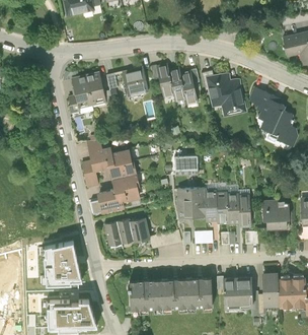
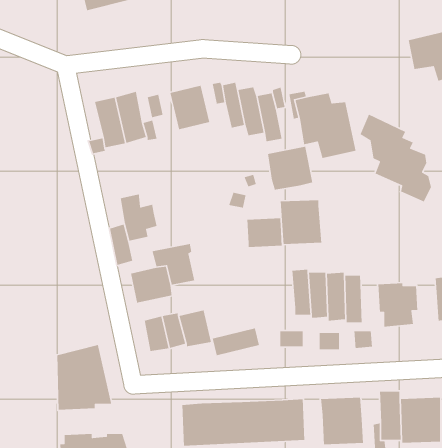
building: none -> [267,146,313,191]
building: [106,149,136,178] -> none
building: [177,187,206,217] -> [280,199,322,245]

